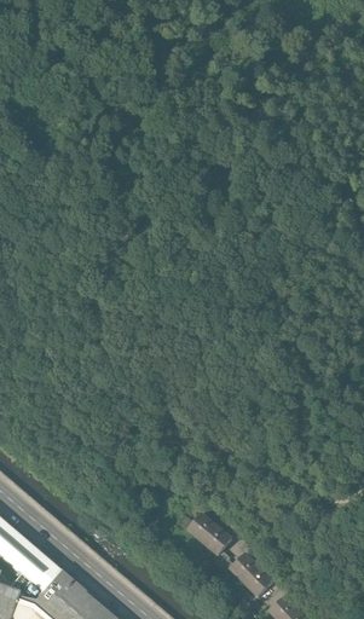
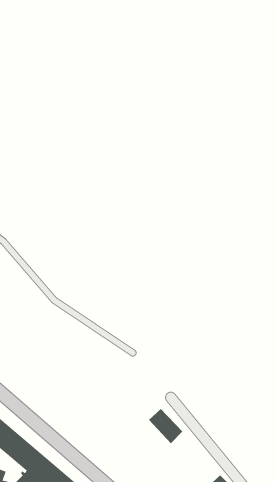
building: [232,555,276,598] -> none

